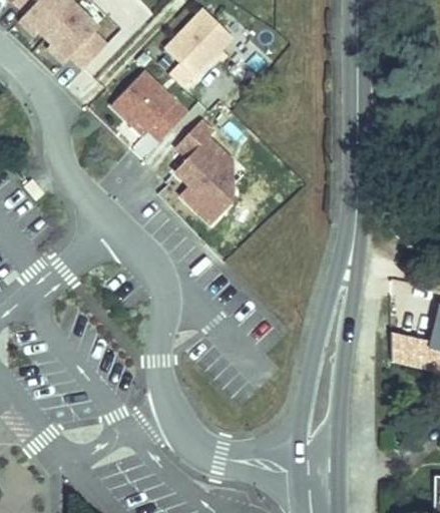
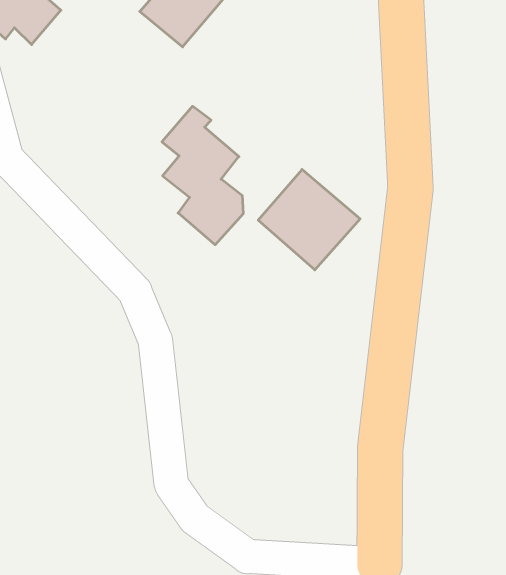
building: [99,68,186,143] -> none
building: none -> [258,169,360,270]

